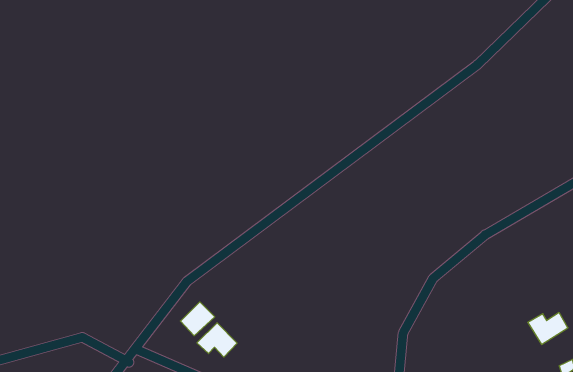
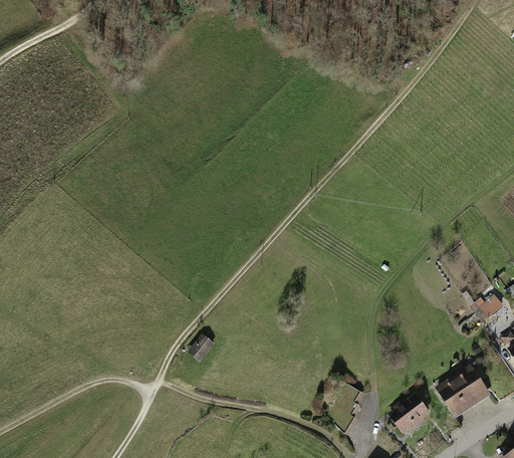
building: [197,323,237,357] -> none

